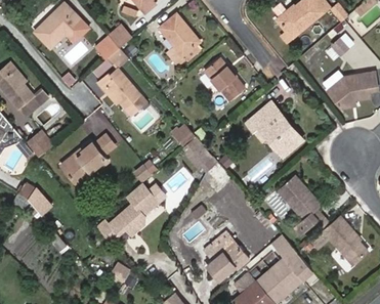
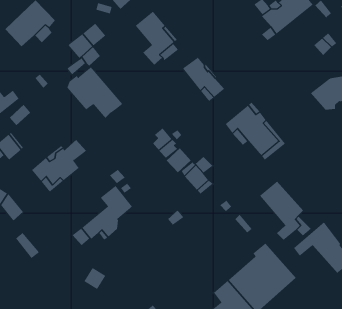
building: [203,231,249,280] -> none

